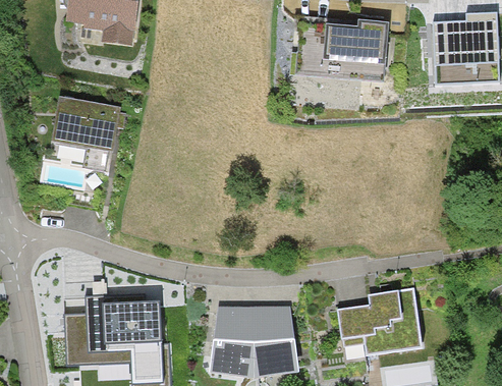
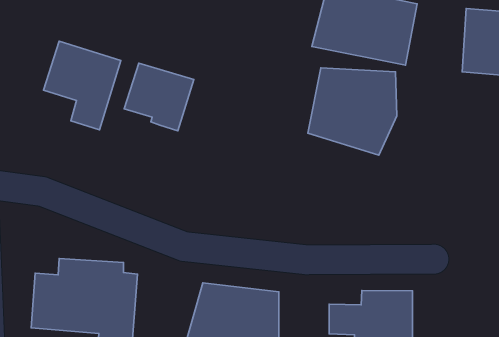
building: none -> [308,68,397,155]
building: none -> [124,63,194,131]

